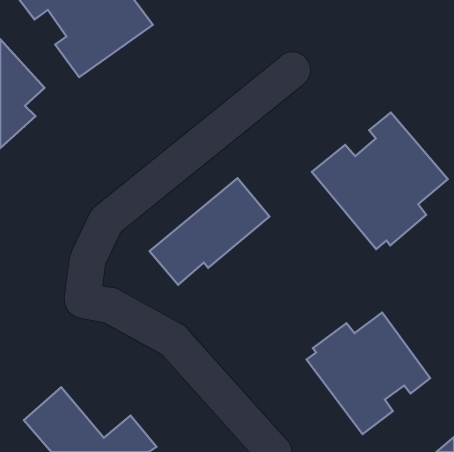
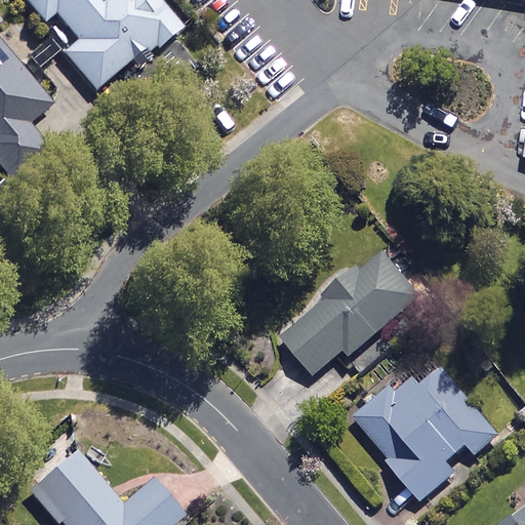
building: [312,113,448,249] -> none
building: [150,178,270,285] -> [280,254,418,377]

